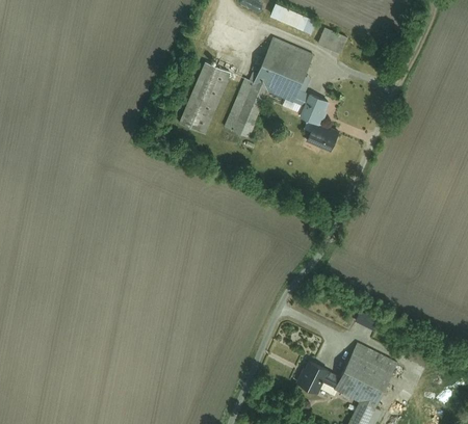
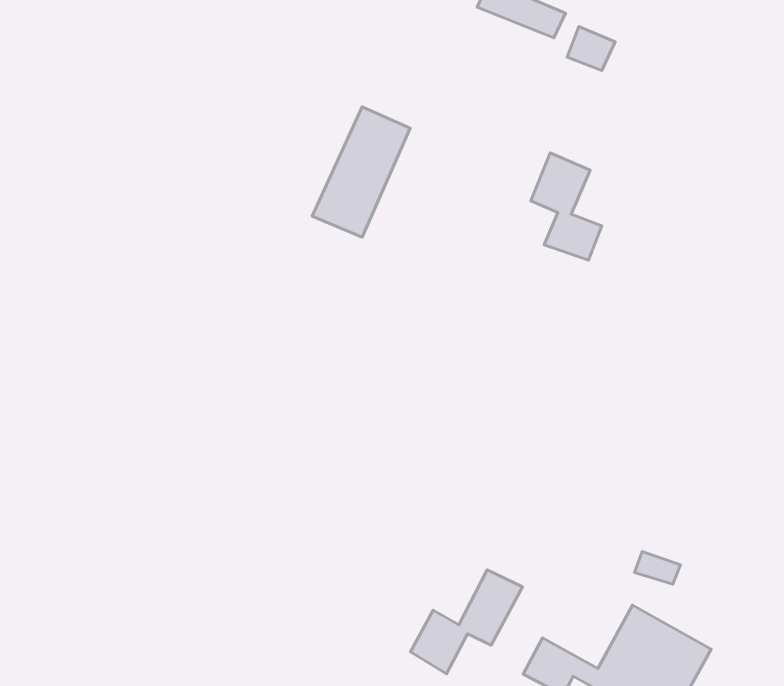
building: [223,42,313,141] -> none
building: none -> [411,570,523,674]

